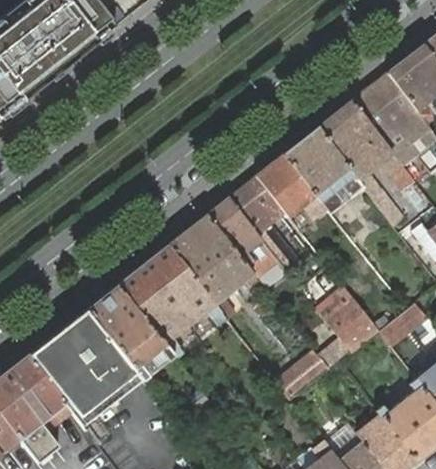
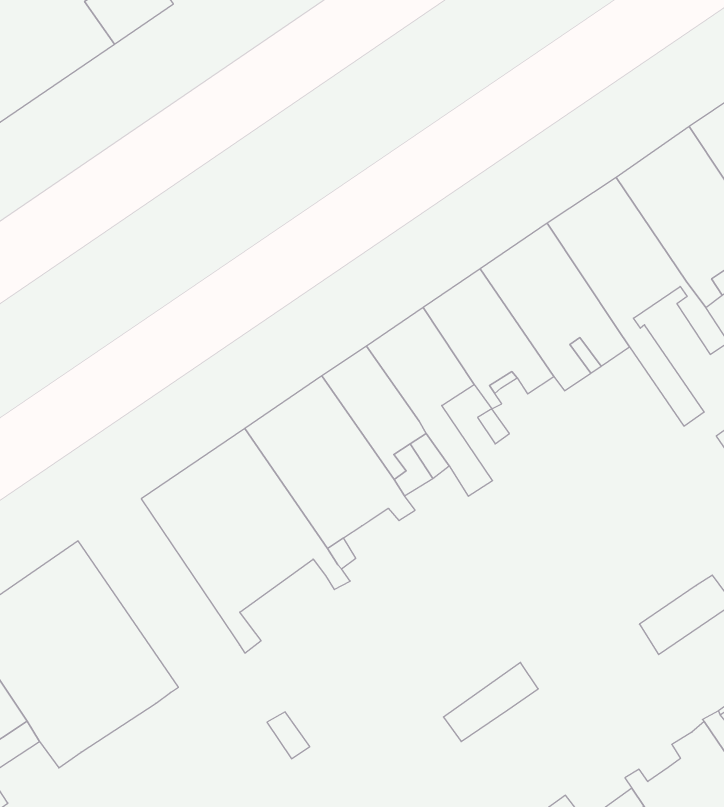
building: [86,285,173,381] -> none
building: [320,288,379,353] -> none

